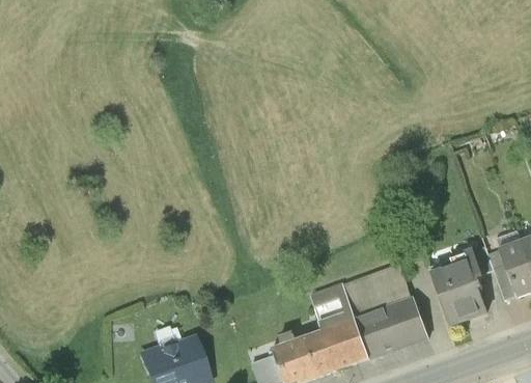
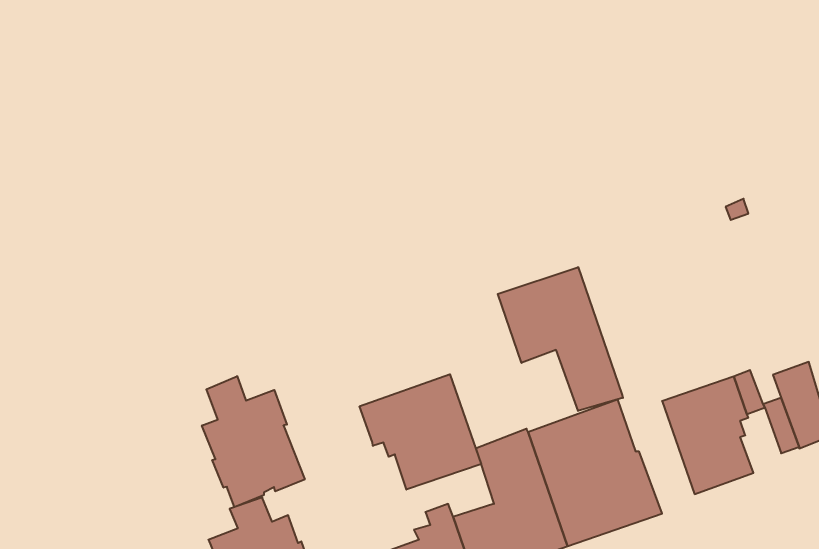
building: none -> [498,267,623,411]
building: none -> [360,374,481,490]
building: none -> [202,376,305,507]

